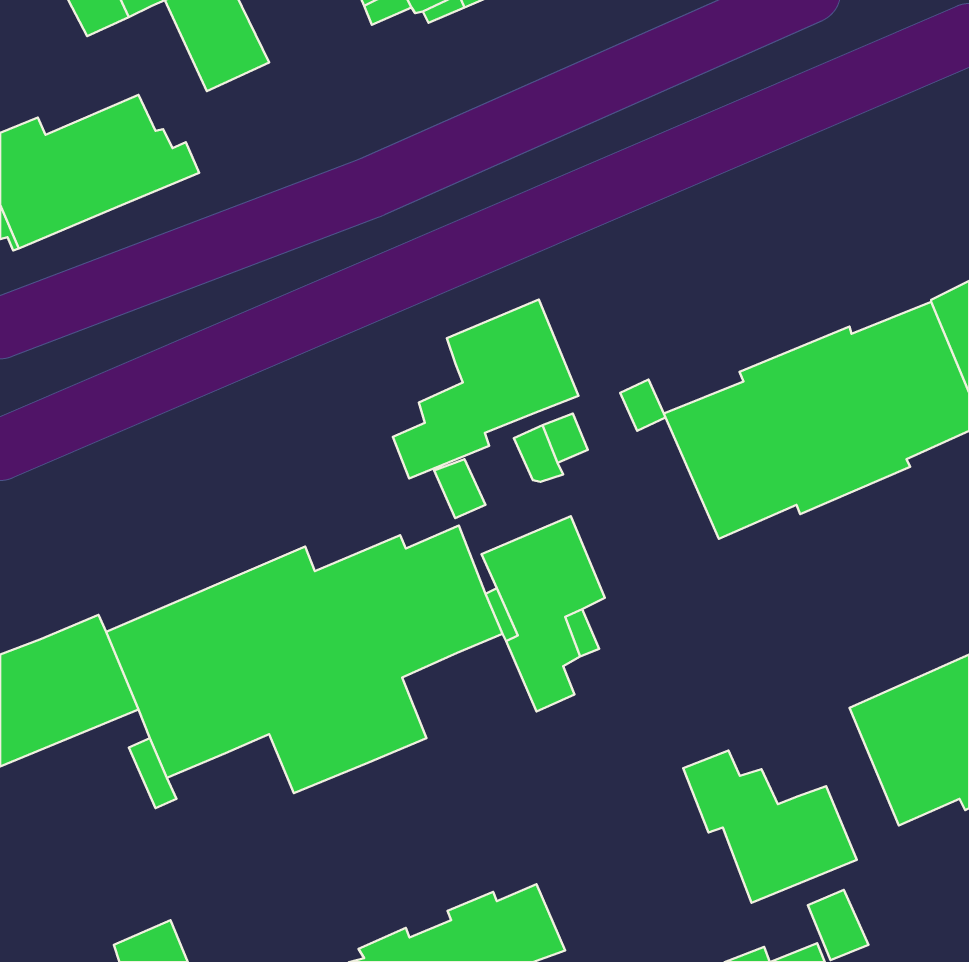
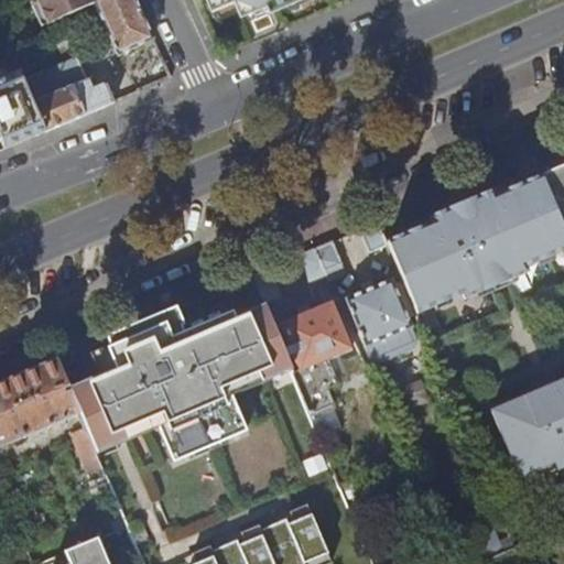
building: [393,299,579,478] -> none
building: none -> [345,278,417,360]
building: [683,751,857,903] -> none

